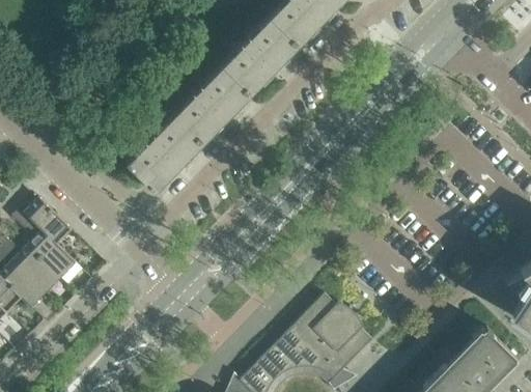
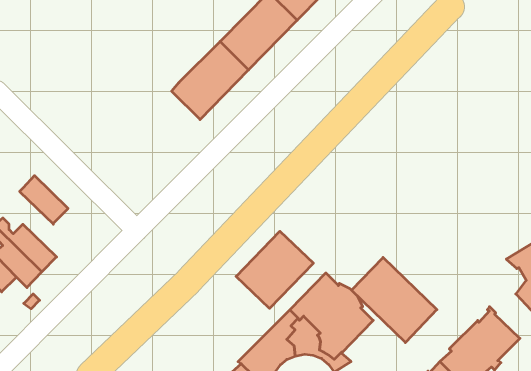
building: [128,115,203,192] -> none
building: [13,209,77,278] -> none
building: none -> [236,231,313,308]
building: none -> [352,257,437,343]

